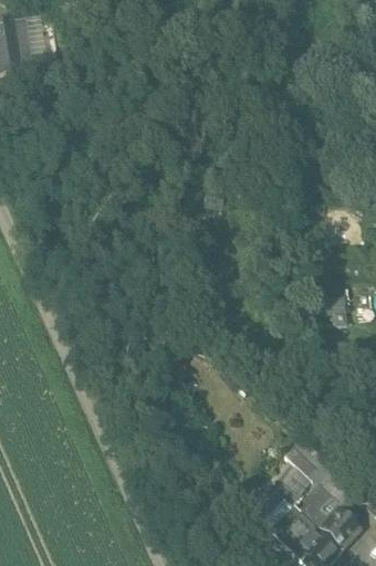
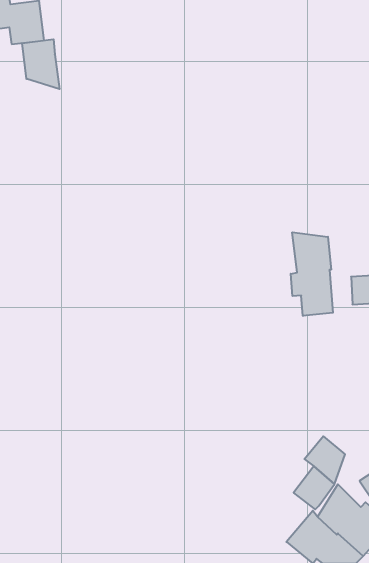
building: none -> [22,39,60,89]
building: none -> [291,232,333,316]

